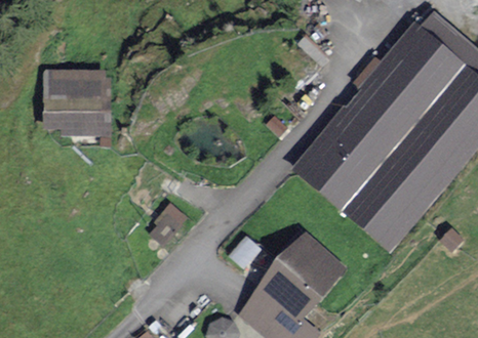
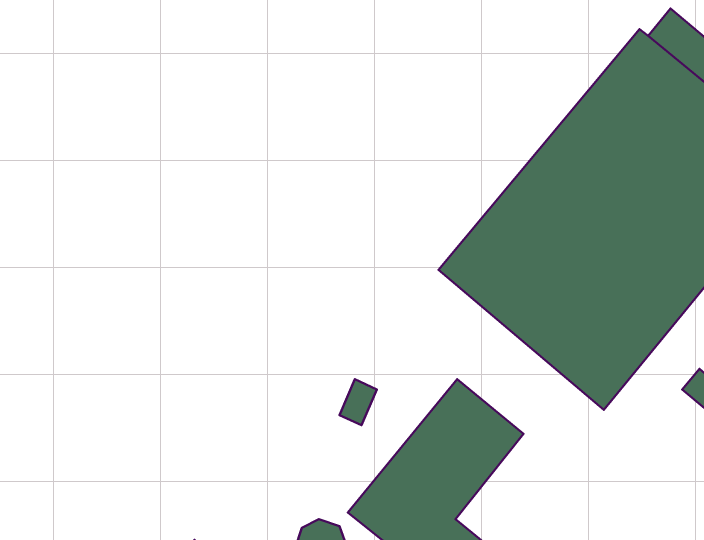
building: [47,70,107,135] -> none
building: [148,202,187,245] -> none

